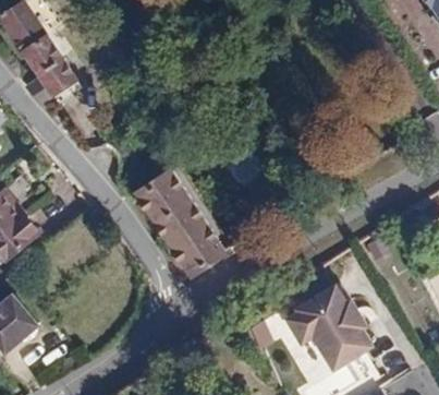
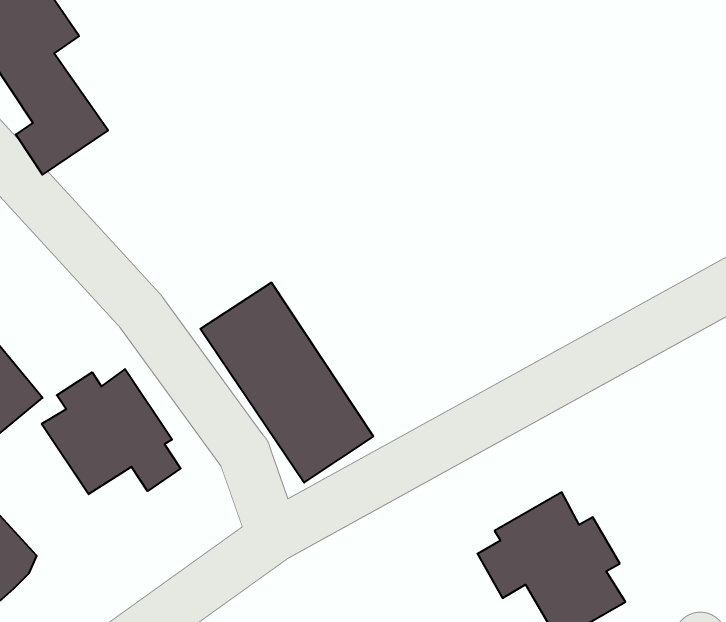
building: none -> [42,369,181,494]

